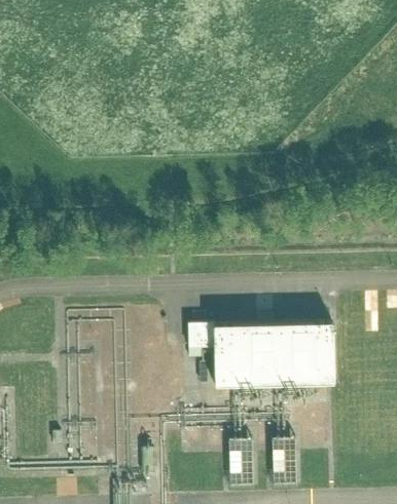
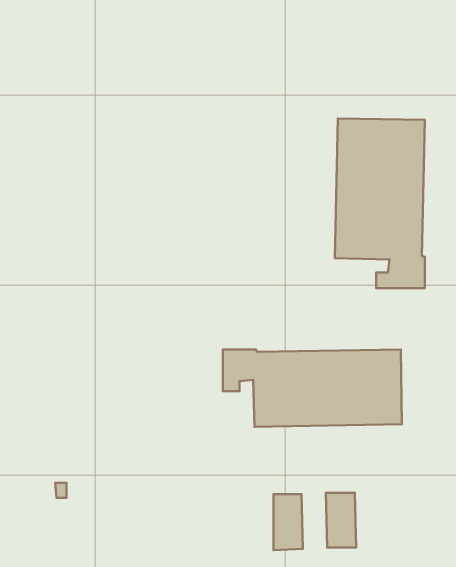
building: none -> [335,119,425,288]

